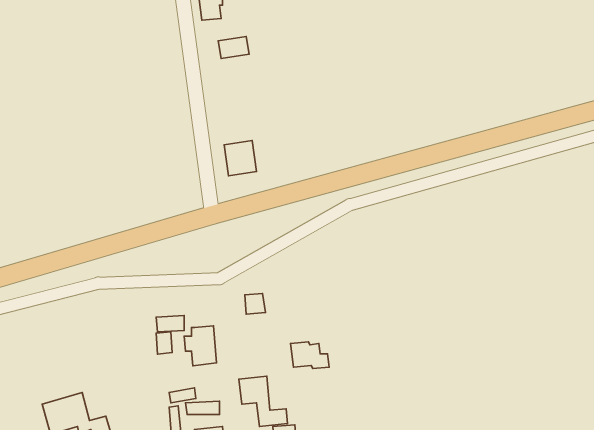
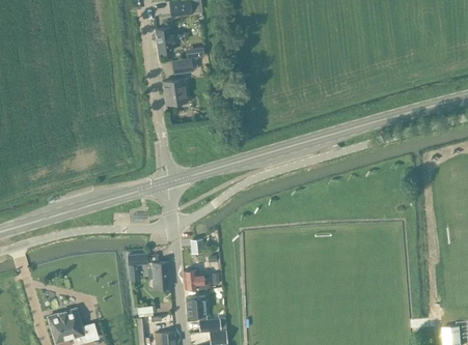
building: [224,141,257,176] -> [163,80,186,105]
building: [291,342,329,369] -> [183,271,210,290]

